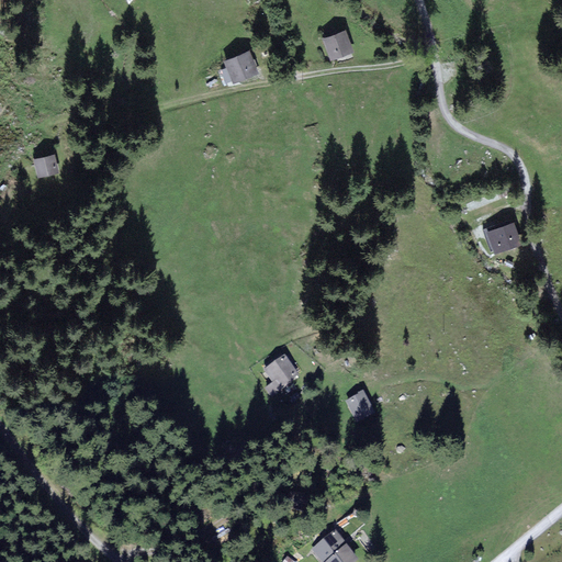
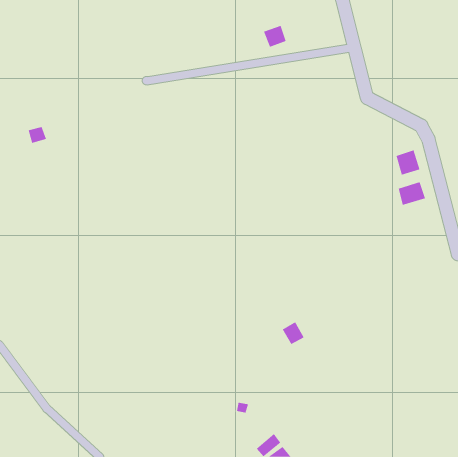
building: [224,52,255,81] -> none
building: none -> [396,149,420,176]
building: [265,357,299,396] -> none

